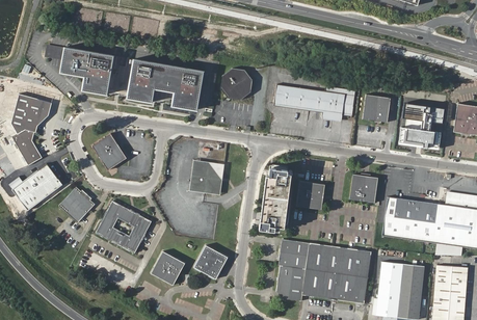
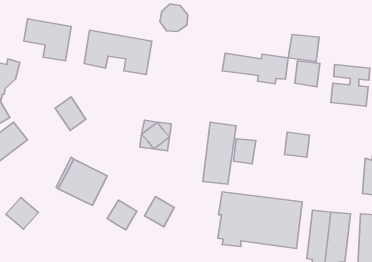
building: none -> [288,34,319,61]
building: [219,68,250,99] -> [160,4,188,32]
building: [58,188,95,223] -> [6,198,38,229]
building: [383,196,441,242] -> none

